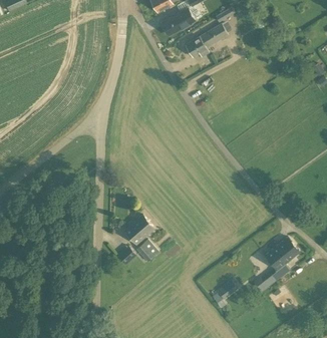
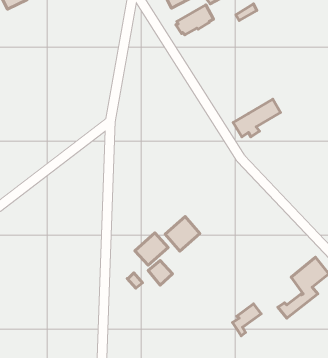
building: [185,23,228,57] -> [233,99,281,137]
building: none -> [165,217,200,251]

